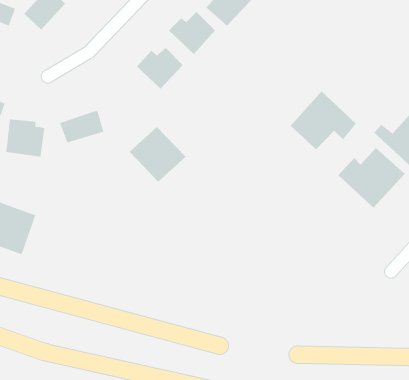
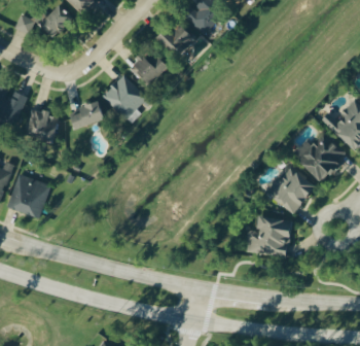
building: [290,91,357,150] -> none
building: [129,126,186,182] -> [100,75,146,120]
building: none -> [264,167,315,215]
building: none -> [244,216,292,257]

